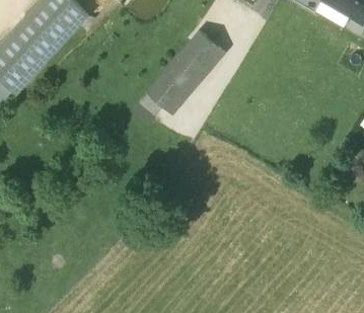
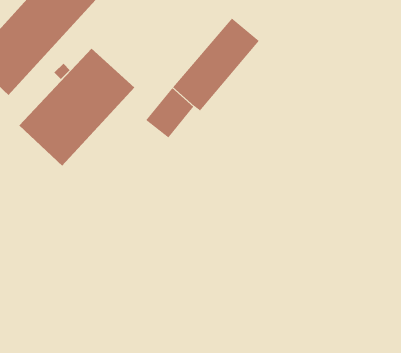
building: none -> [18,48,135,166]

